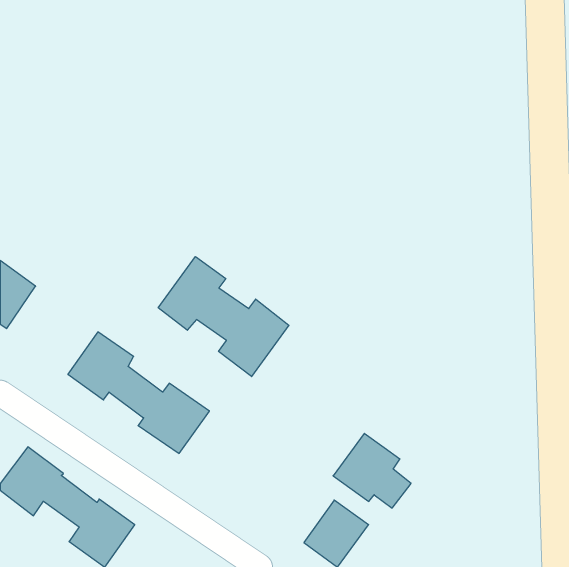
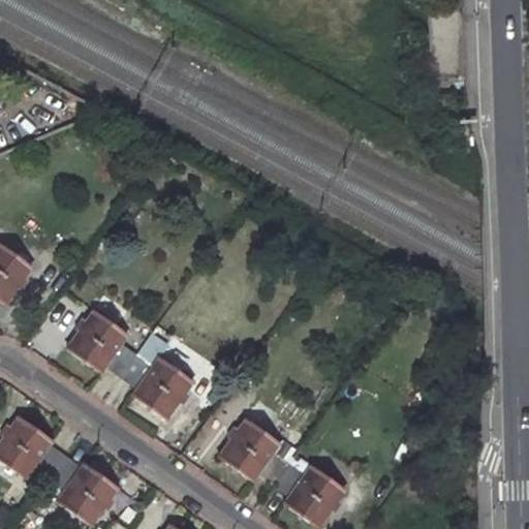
building: [158,257,289,377] -> none
building: [333,433,411,508] -> [215,416,287,486]

